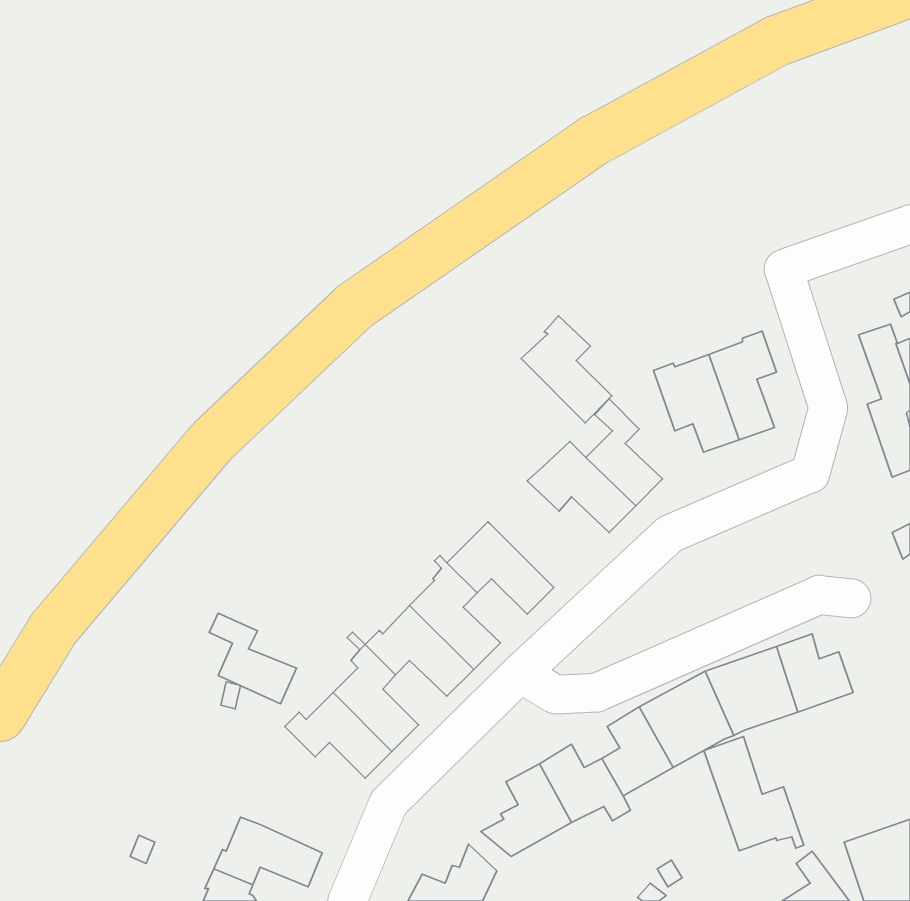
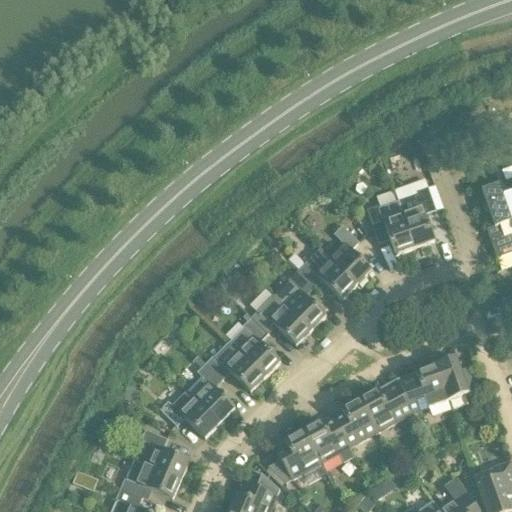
building: [521,316,612,423] -> [275,270,326,330]
building: [209,613,297,704] -> [141,428,190,479]
building: [704,737,804,851] -> none

